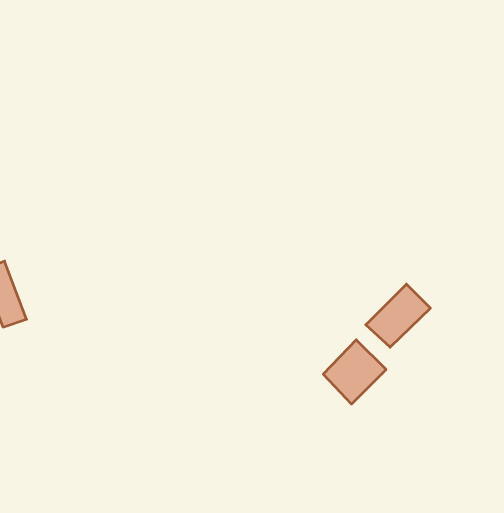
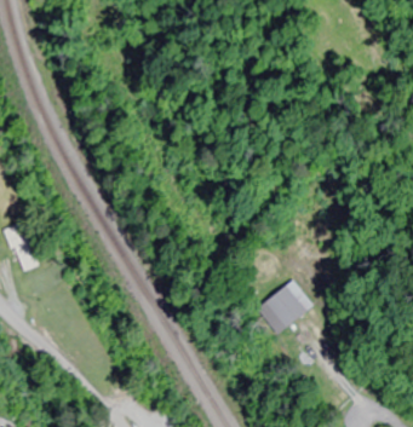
building: [366,284,430,347] -> none

